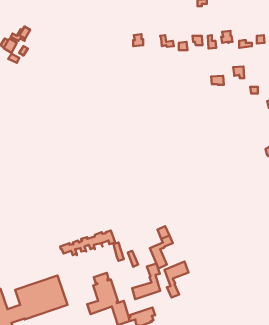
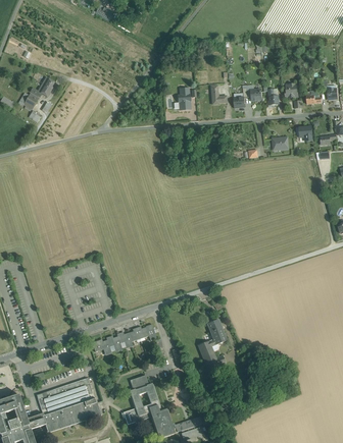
building: [164,262,188,298] -> none
building: [132,263,160,299] -> none

